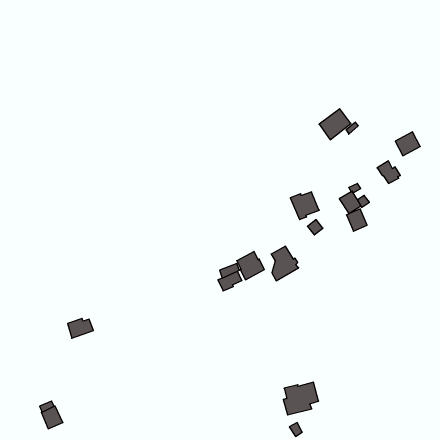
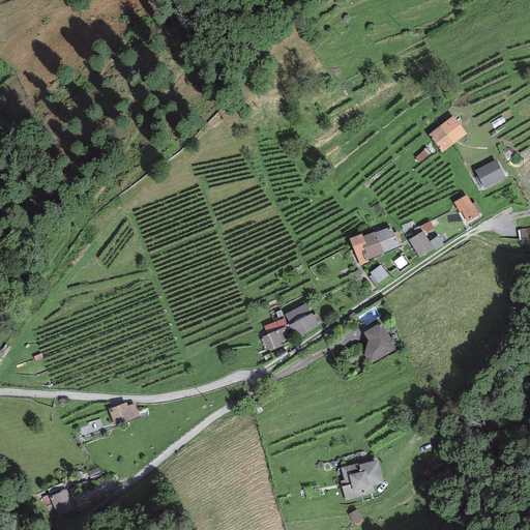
building: [319,109,351,140] -> [429,115,467,152]
building: [346,209,367,231] -> [375,225,400,252]
building: [271,246,299,281] -> [363,322,396,363]
building: [68,318,93,338] -> [109,402,140,425]

